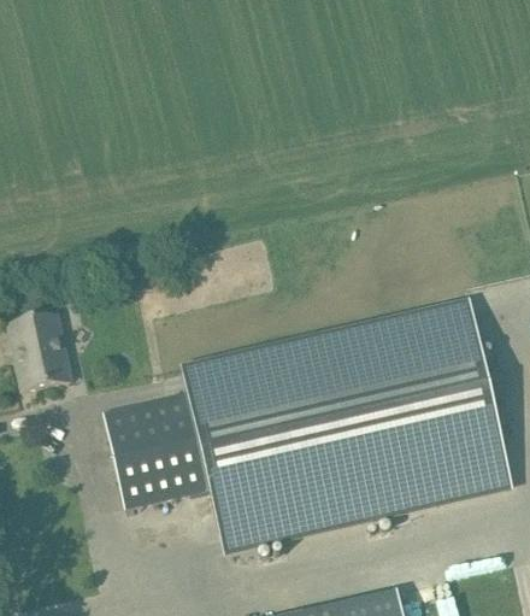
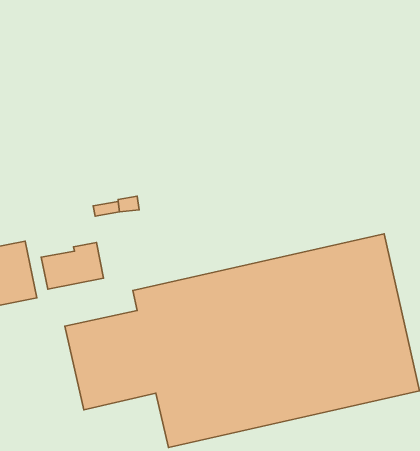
building: none -> [41,243,103,289]

